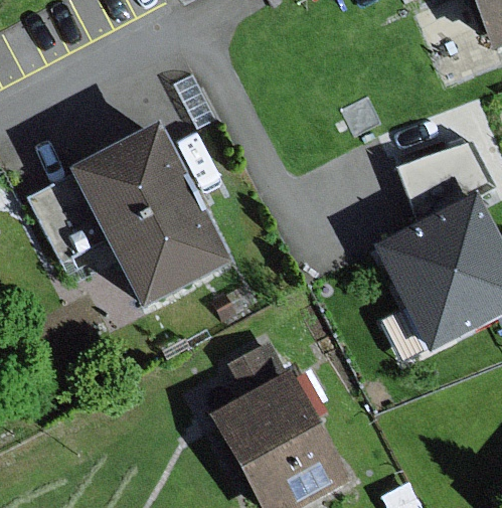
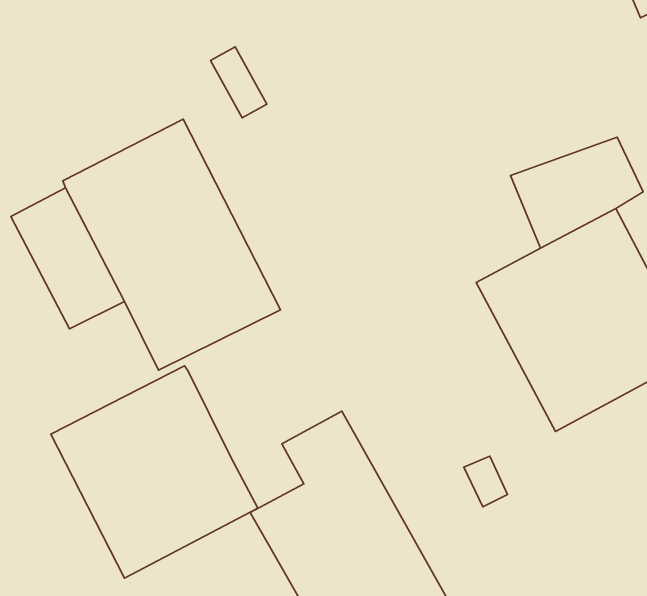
building: none -> [51,366,258,578]

